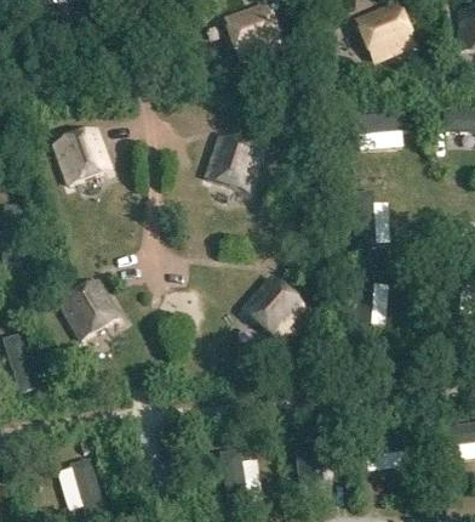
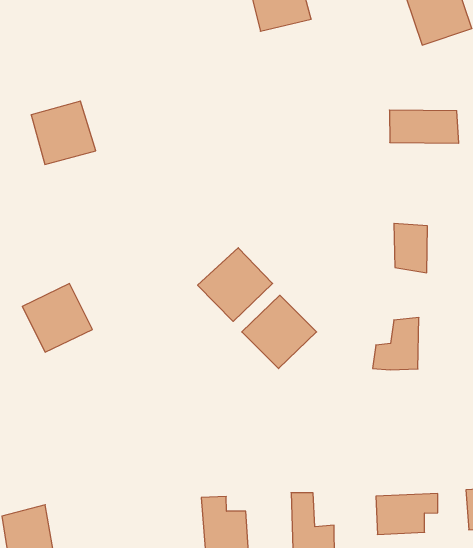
building: [207,134,262,188] -> none
building: none -> [198,248,273,321]

